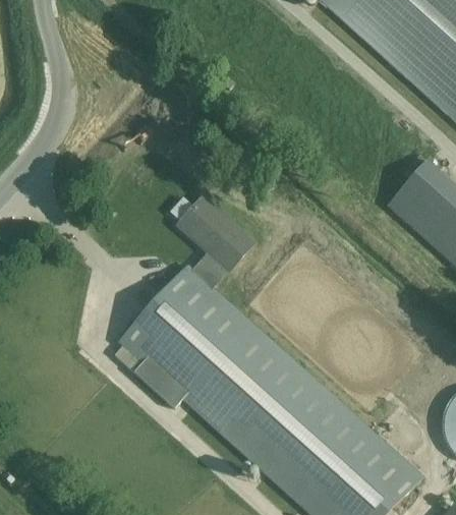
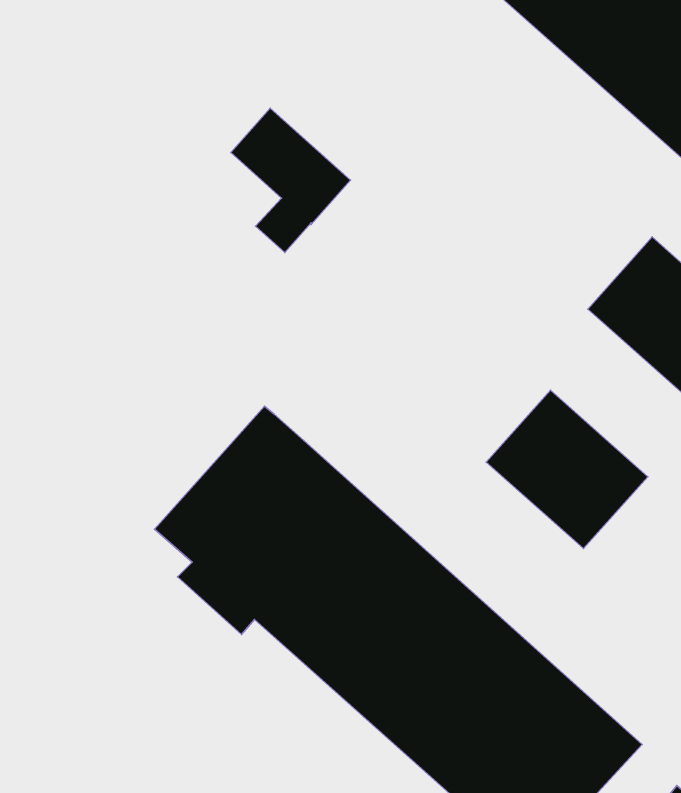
building: [178,196,252,286] -> [231,108,351,253]
building: none -> [486,390,648,549]

